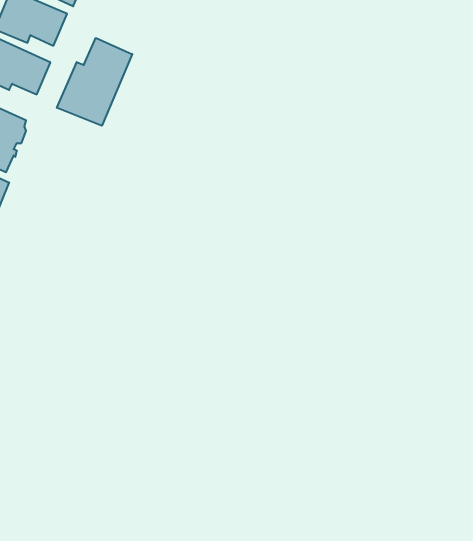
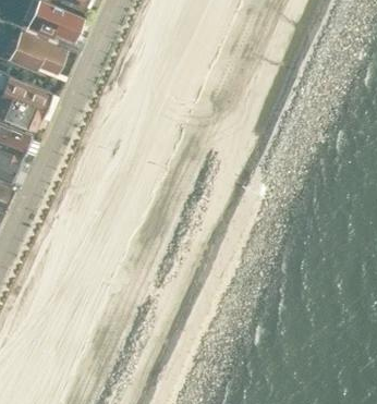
building: [57,38,132,126] -> none

